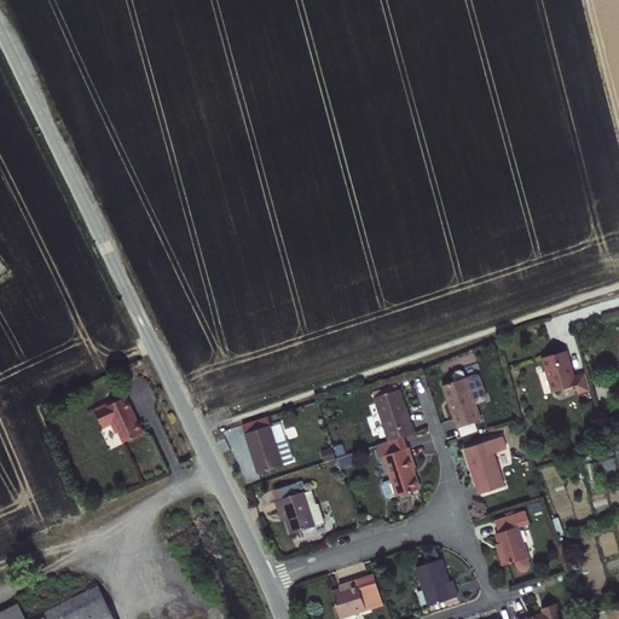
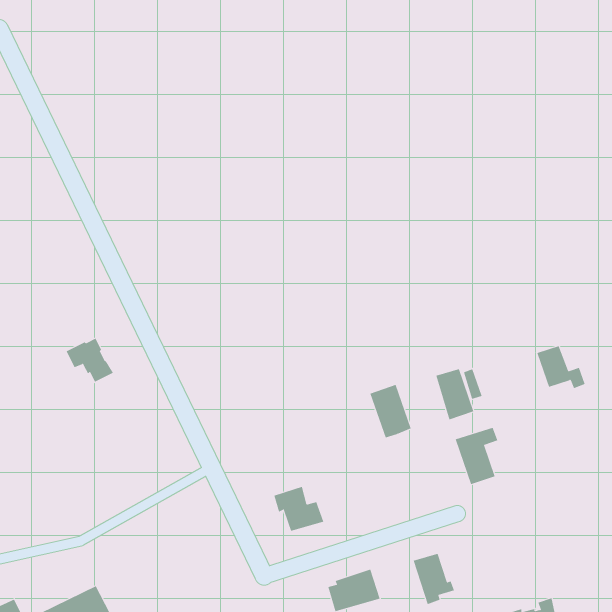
building: [94,395,143,440] -> [66,338,114,382]
building: [241,417,284,478] -> none
building: [378,439,417,498] -> none
building: [498,513,532,572] -> none

